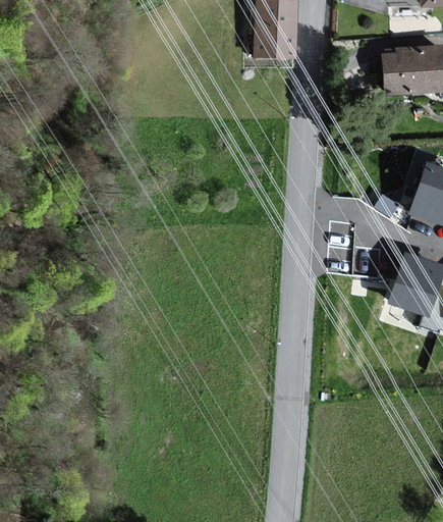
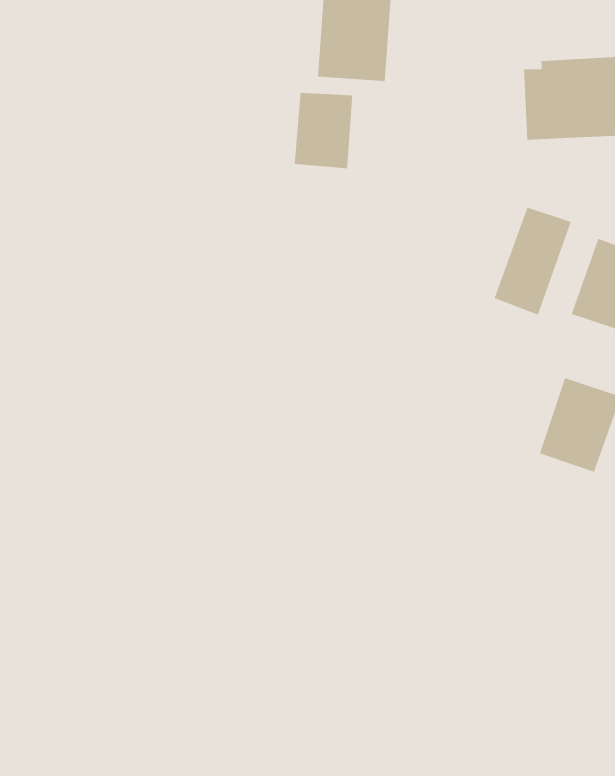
building: none -> [294,92,353,169]
building: none -> [494,207,571,316]

